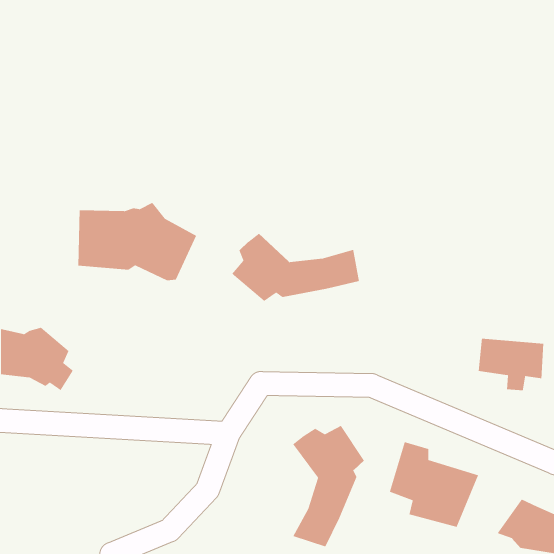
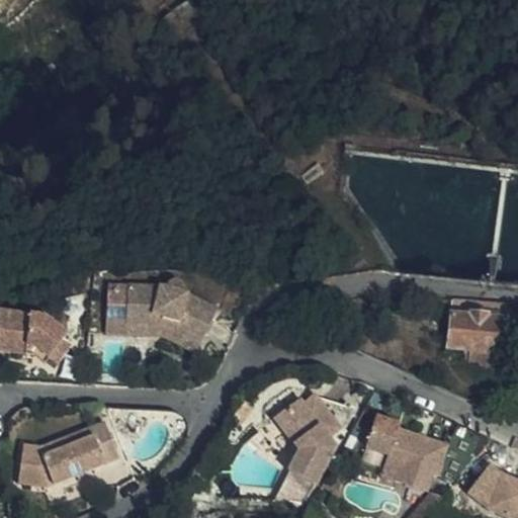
building: [78,202,197,281] -> [105,273,217,347]
building: [231,233,360,302] -> none
building: none -> [16,421,119,487]

